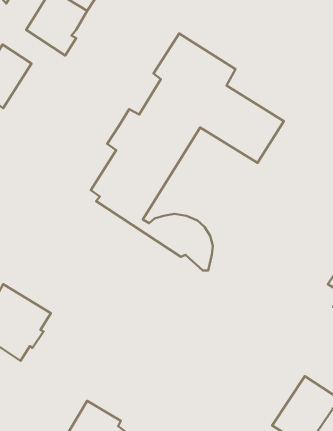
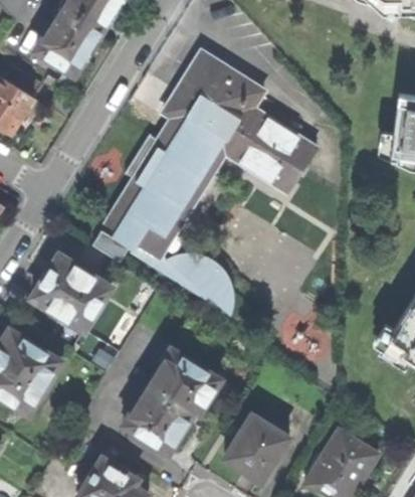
building: none -> [31,252,111,330]
building: none -> [123,348,222,454]
building: none -> [225,413,290,482]

